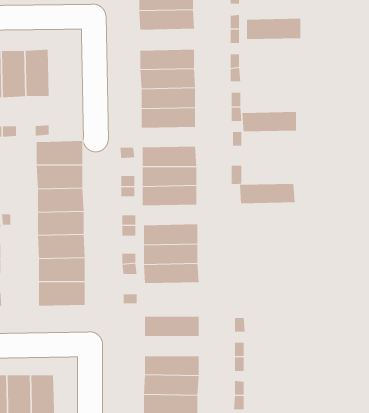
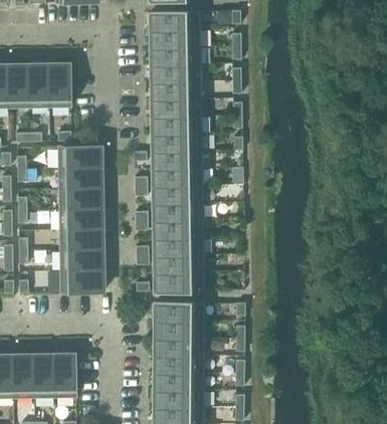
building: [246,18,301,40] -> [150,45,199,64]
building: [242,112,297,132] -> [151,133,200,151]
building: [239,183,295,204] -> [152,202,202,220]
building: none -> [154,271,203,290]
building: none -> [154,320,203,337]

